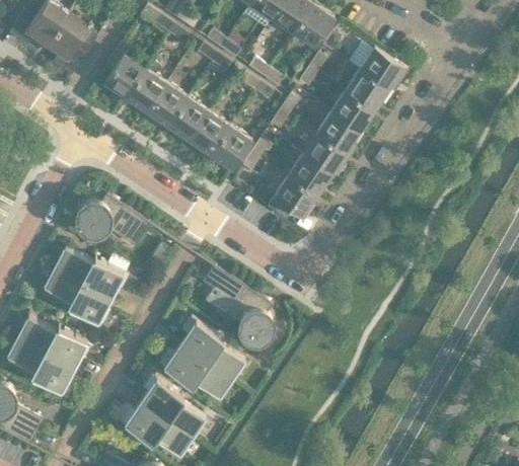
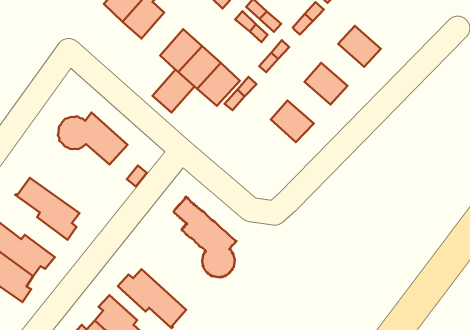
building: [359,50,407,91] -> none
building: [147,85,188,129] -> [153,70,194,113]
building: [330,92,374,133] -> none
building: [302,135,346,178] -> none
building: [267,177,316,222] -> none
building: [55,248,128,298] -> none
building: [179,318,244,380] -> none

